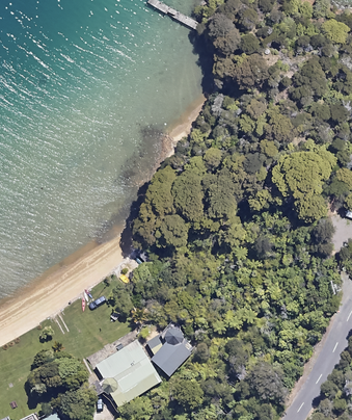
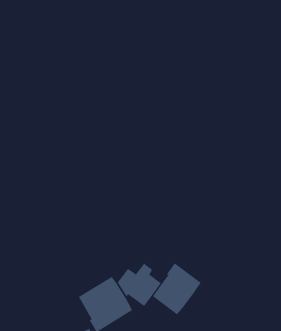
building: none -> [152,262,201,315]

